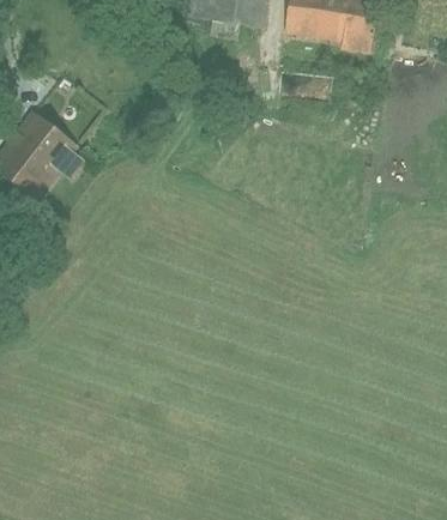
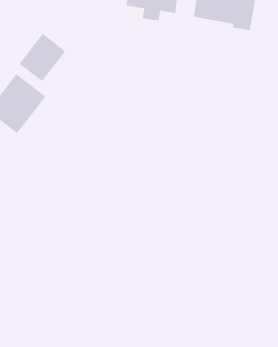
building: none -> [18,33,66,82]

